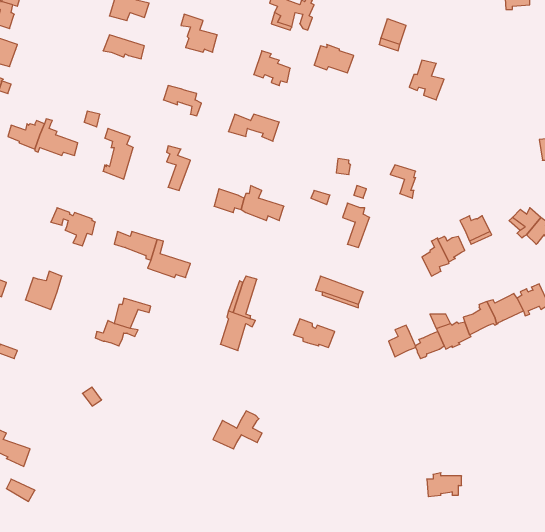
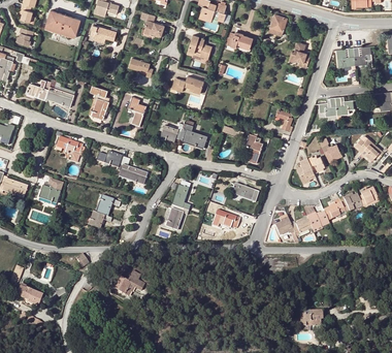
building: none -> [46,10,80,34]
building: none -> [336,45,371,66]
building: none -> [319,96,354,116]
building: [213,411,262,449] -> [111,269,143,294]

